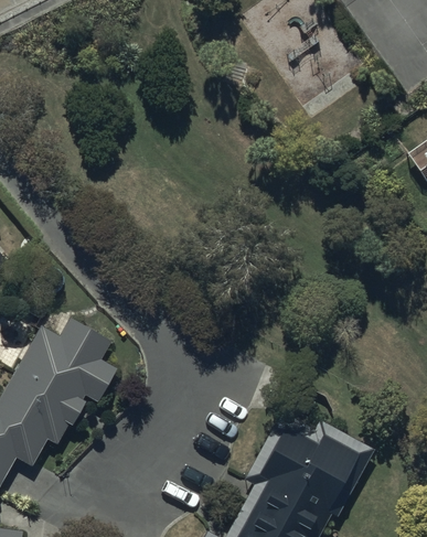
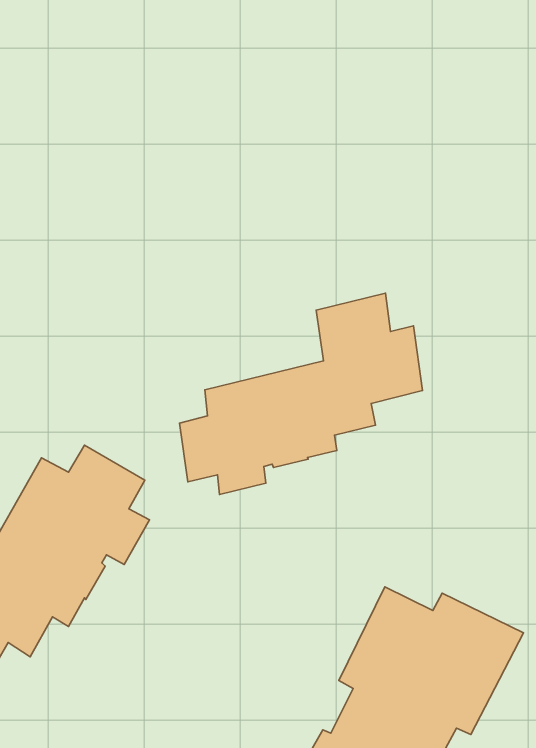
building: none -> [179,293,422,495]

